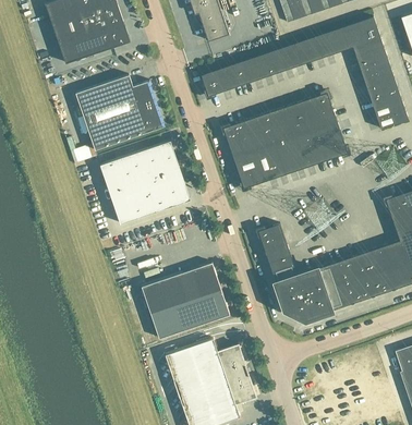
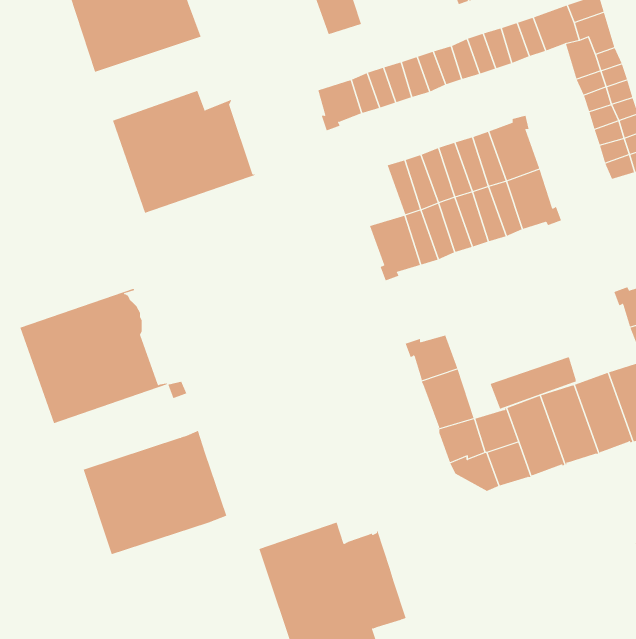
building: [220,120,255,157] -> none
building: [100,141,191,223] -> [20,288,168,424]
building: none -> [490,357,577,410]
building: [142,262,230,338] -> [83,430,227,555]

